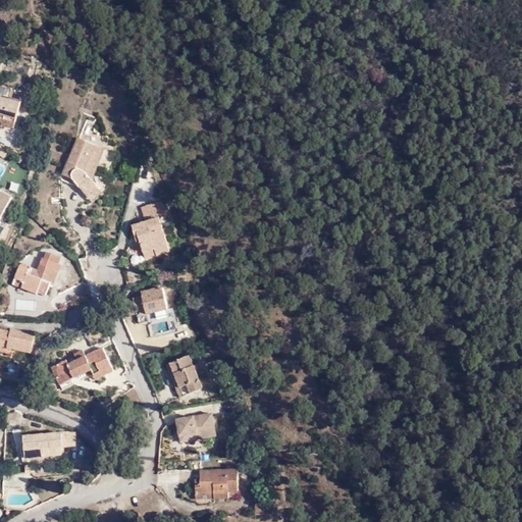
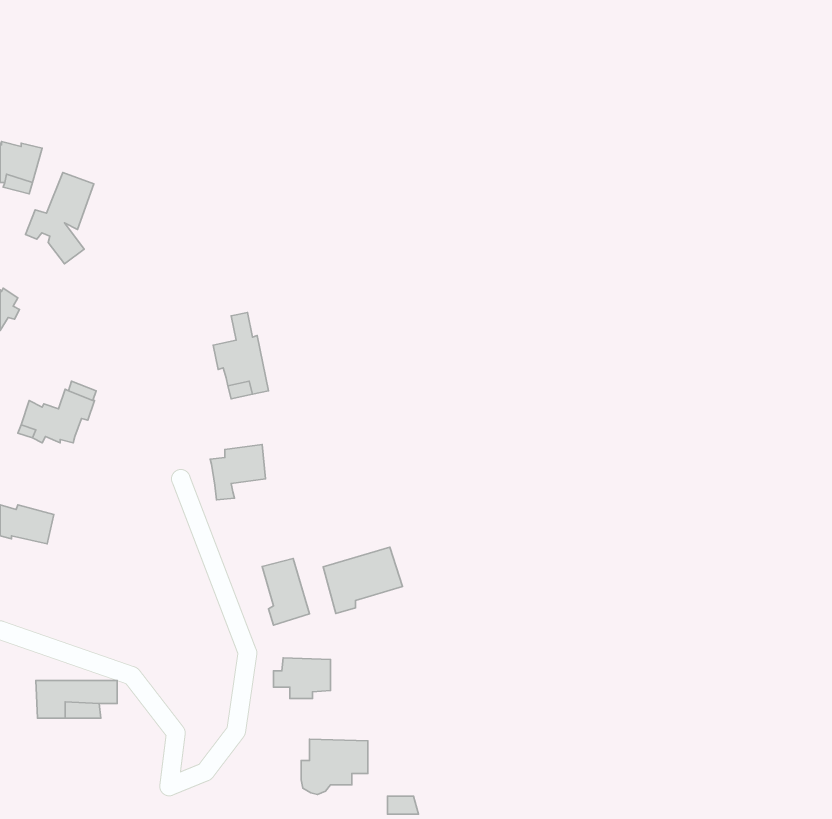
building: [62,141,105,198] -> [25,173,94,264]
building: [49,346,112,379] -> none
building: none -> [323,547,402,614]

